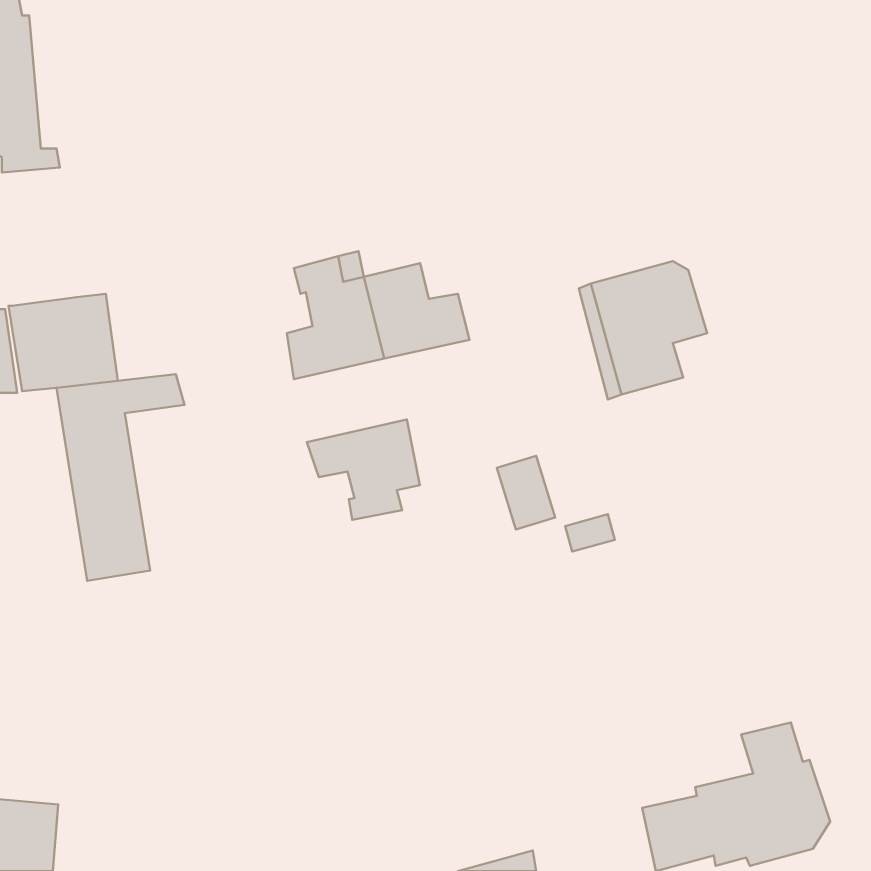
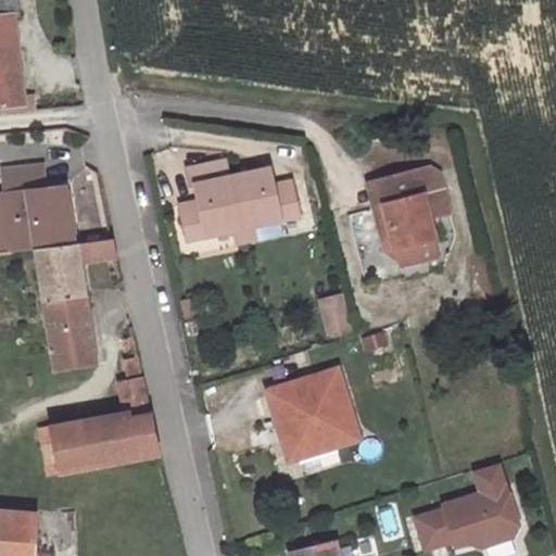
building: none -> [4,164,49,194]
building: [307,420,420,520] -> none
building: none -> [41,361,160,477]
building: none -> [264,369,357,460]

